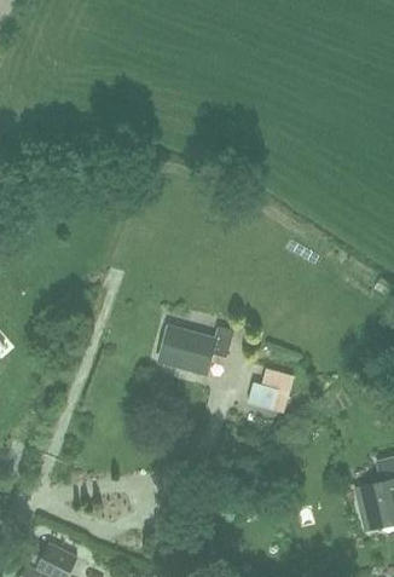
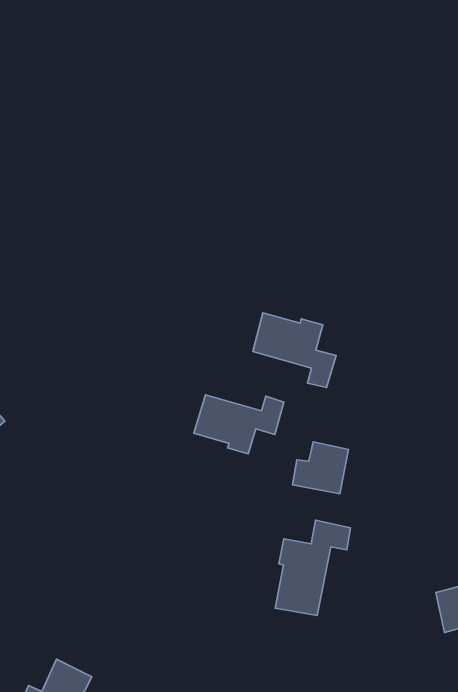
building: none -> [253,313,336,388]
building: none -> [275,520,351,616]

